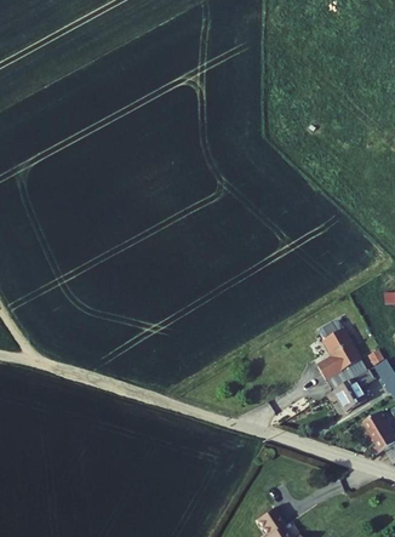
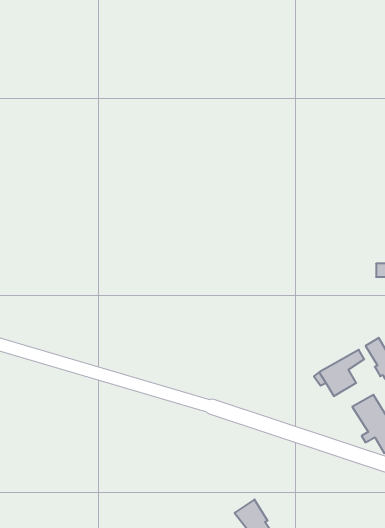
building: [317,327,361,379] -> none

